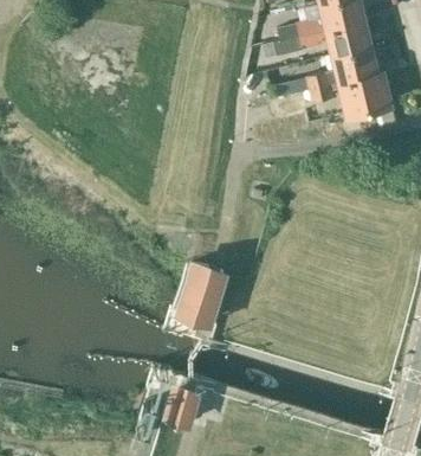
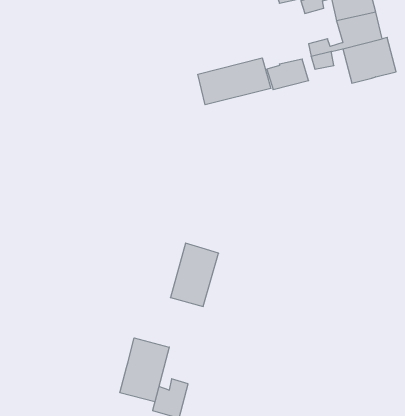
building: none -> [198,58,271,105]
building: none -> [120,338,169,402]

